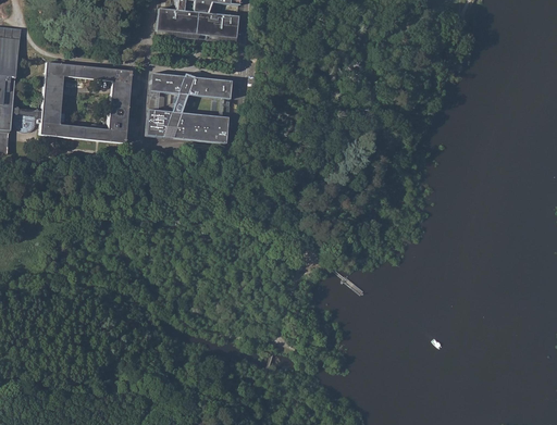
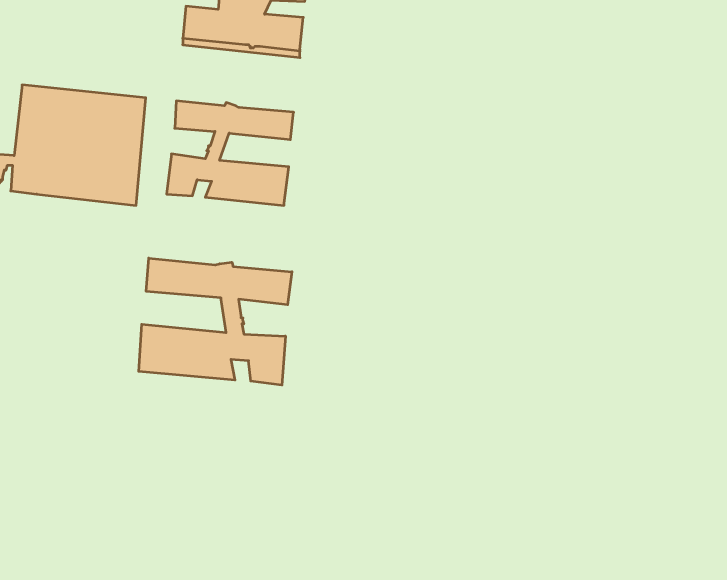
building: none -> [139,258,292,385]

